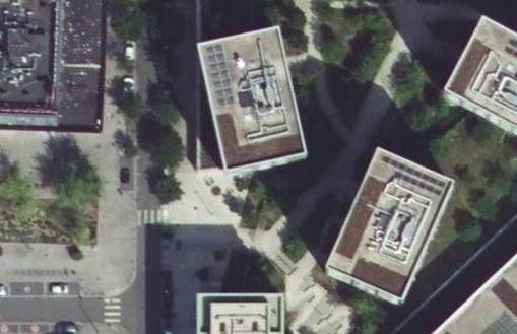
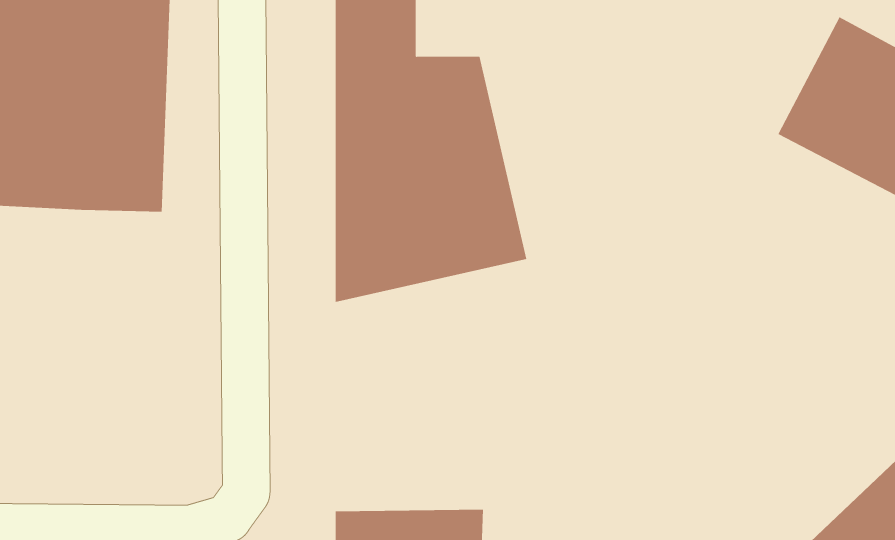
building: [325,150,451,300] -> none

